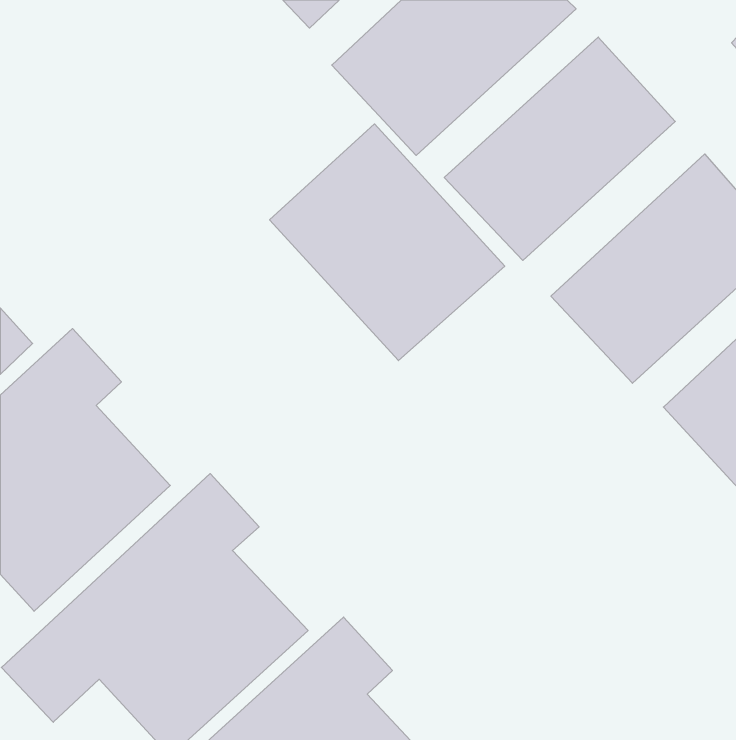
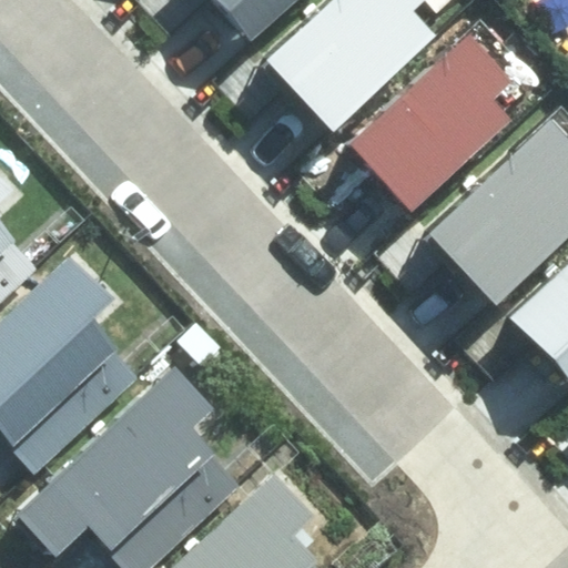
building: [270,124,505,361] -> none

